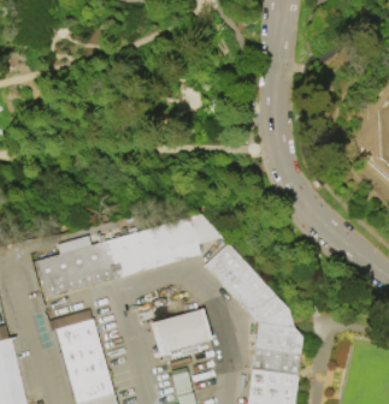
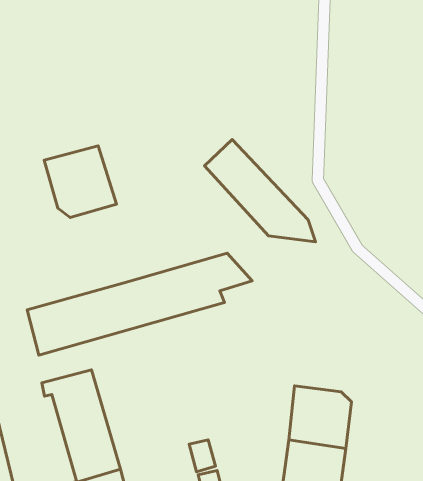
building: none -> [44,146,117,217]
building: [205,245,296,329] -> [204,140,315,242]
building: [148,309,208,354] -> none

